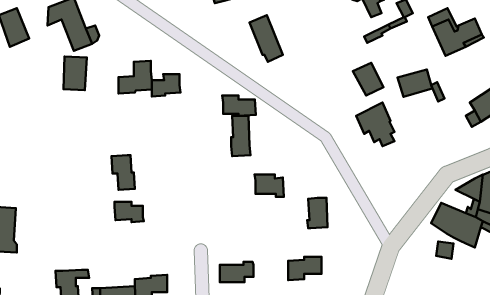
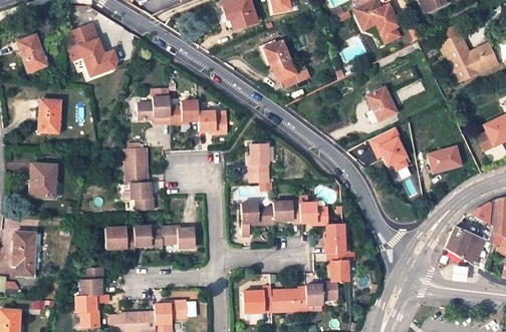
building: [64,57,87,90] -> [38,100,61,133]
building: [398,69,432,97] -> [428,145,462,173]
building: [222,95,256,116] -> [197,111,230,131]
building: none -> [123,146,146,182]
building: none -> [31,163,56,197]
building: none -> [240,201,272,233]
building: none -> [299,203,333,224]
building: none -> [104,224,134,247]
building: none -> [160,224,194,246]
building: none -> [326,252,347,281]
building: none -> [81,266,101,295]
building: none -> [270,289,304,310]

